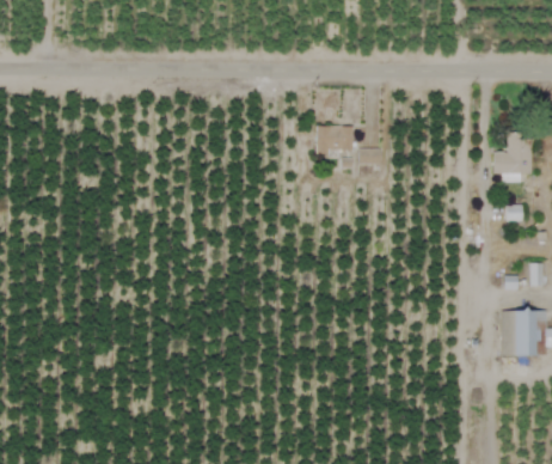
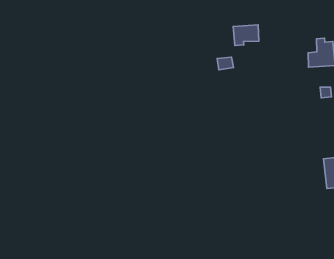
building: [317,126,354,154] -> [233,25,259,46]

